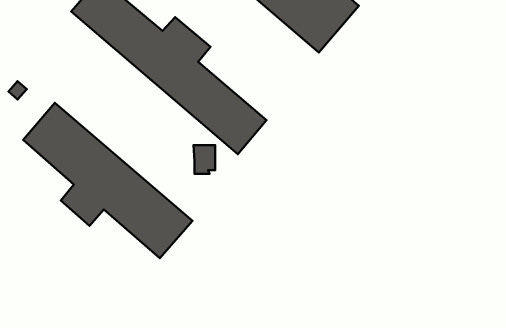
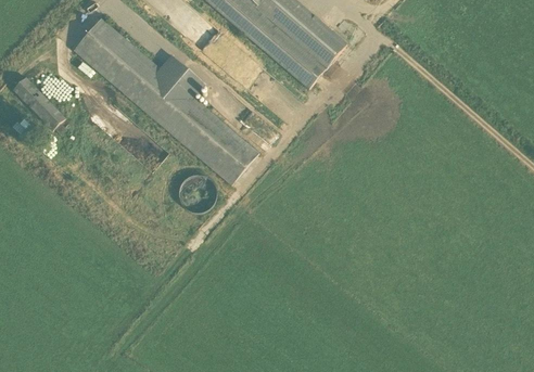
building: none -> [11,75,64,129]
building: [23,103,193,258] -> none

